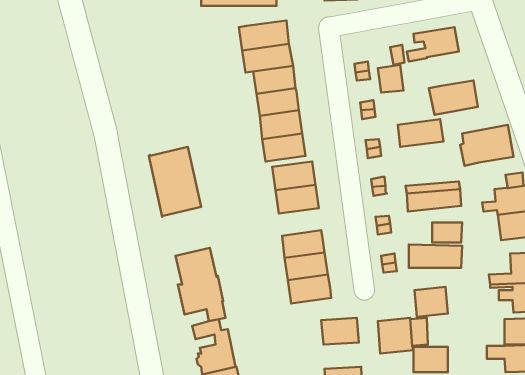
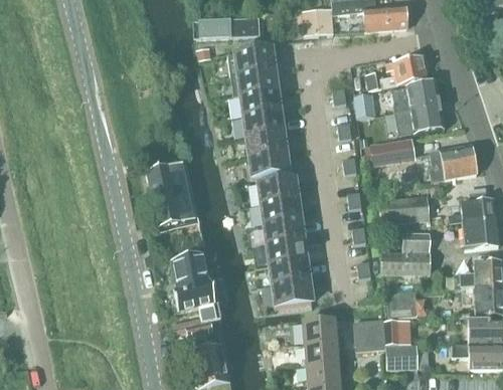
building: none -> [397,79,441,111]
building: none -> [265,219,303,244]
building: none -> [305,341,339,365]

